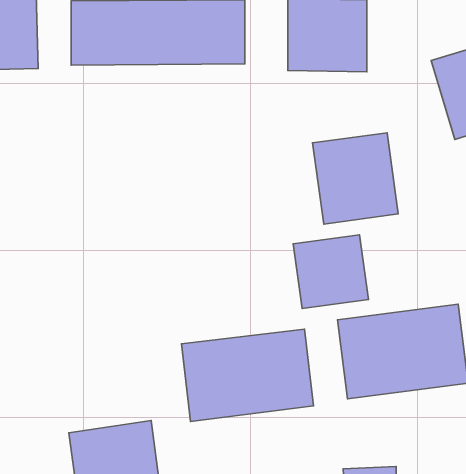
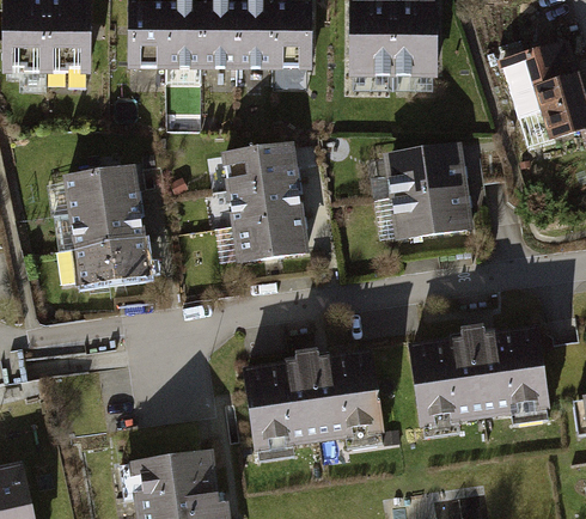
building: none -> [221,142,310,263]
building: none -> [60,164,152,288]
building: [293,235,369,309] -> none

